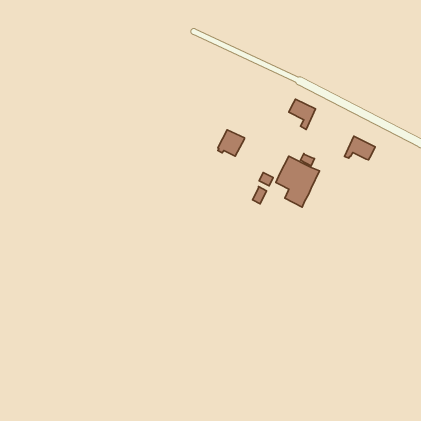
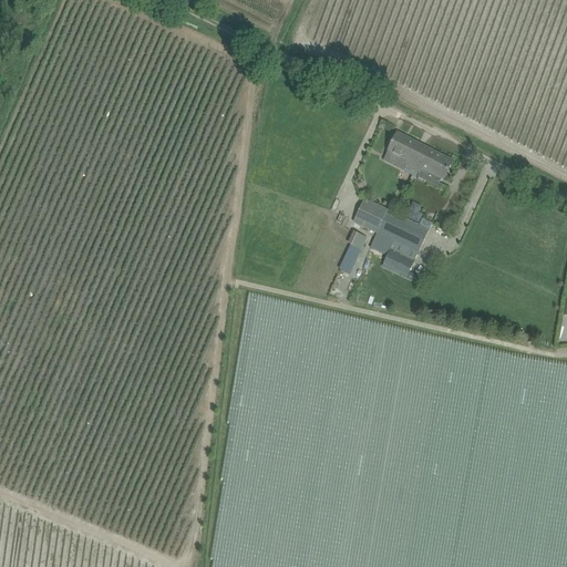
building: [218,130,244,156] -> [352,197,388,233]
building: [345,136,375,160] -> [411,146,452,178]

